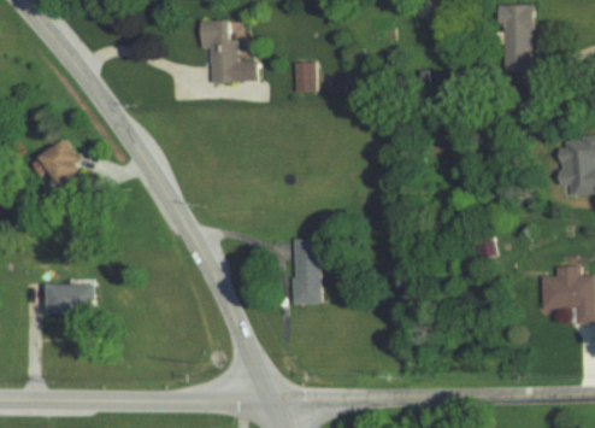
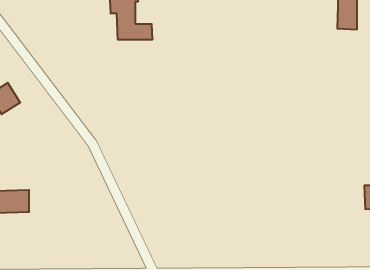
building: [293,61,314,92] -> none
building: [291,239,322,305] -> none

